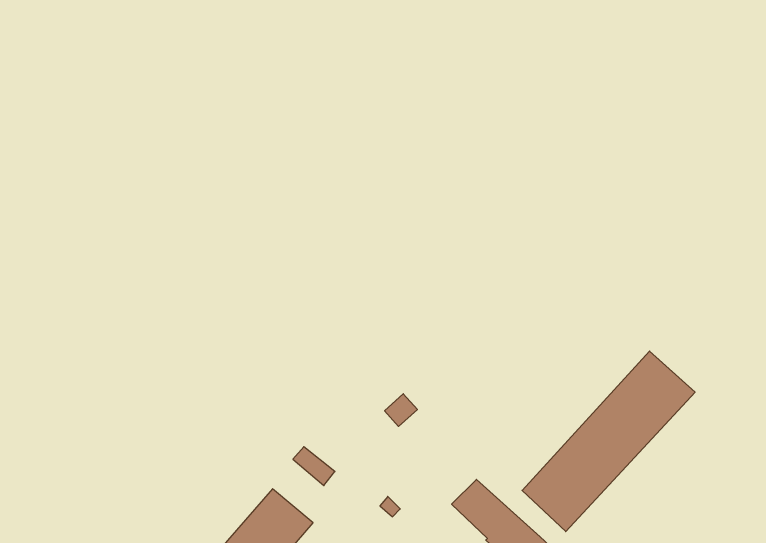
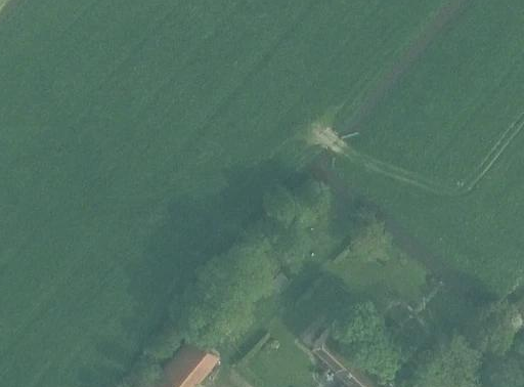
building: [522,351,695,532] -> none

